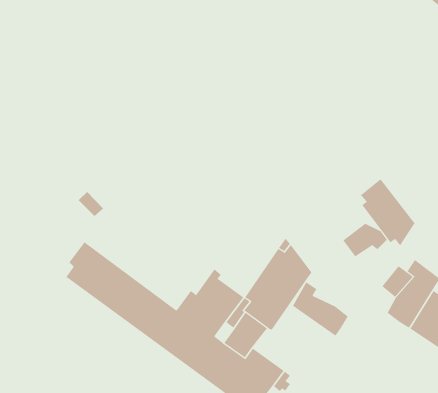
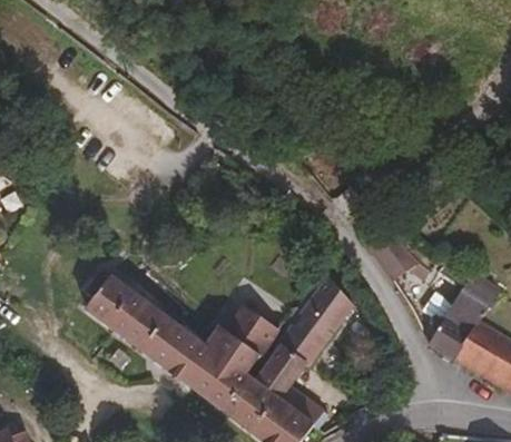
building: [360,179,415,246] -> none
building: [292,281,348,336] -> none

